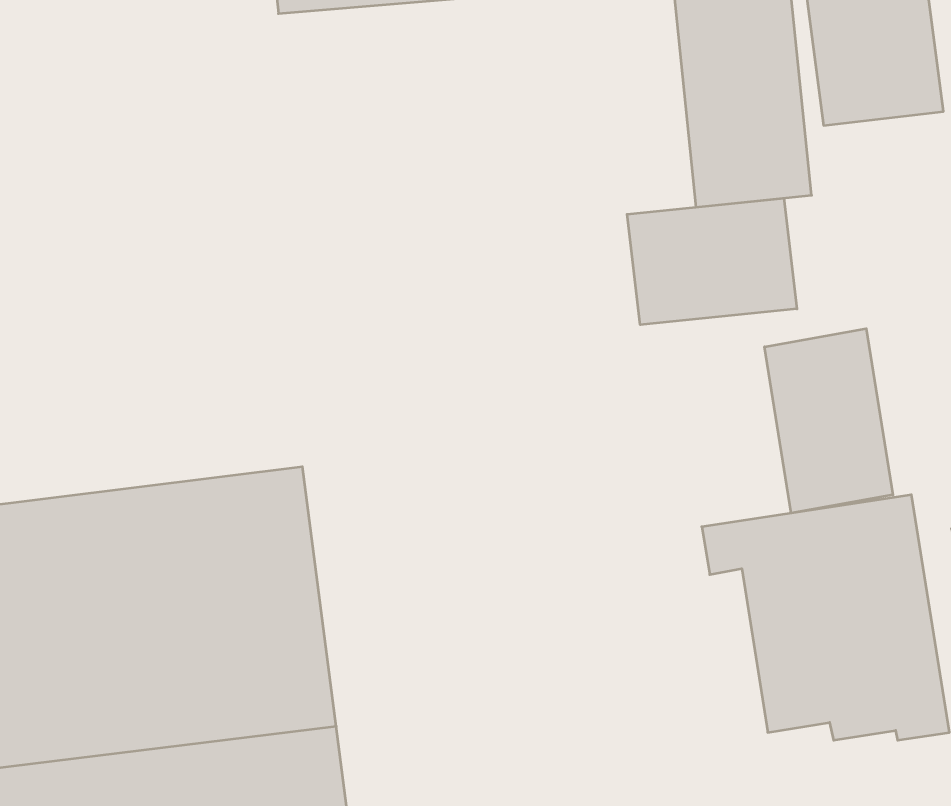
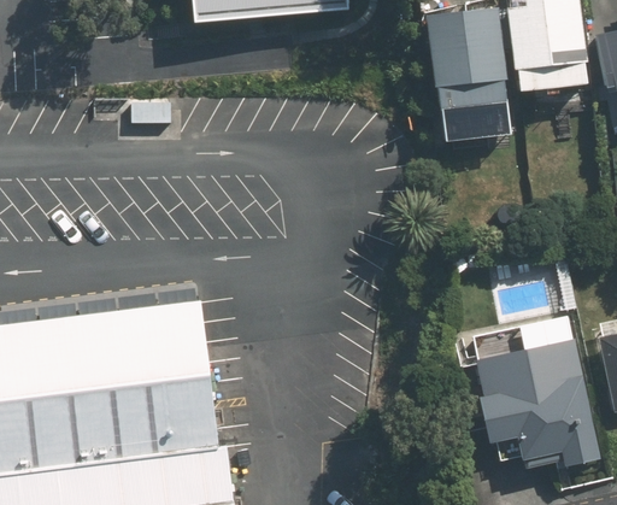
building: [627,198,797,325] -> none
building: [765,329,893,513] -> none

